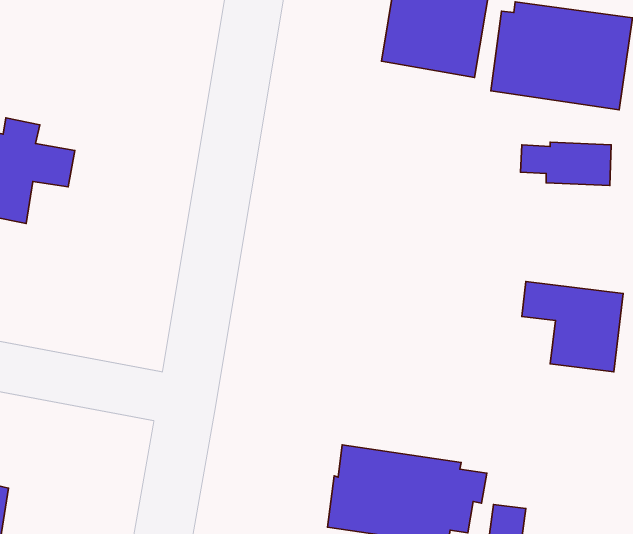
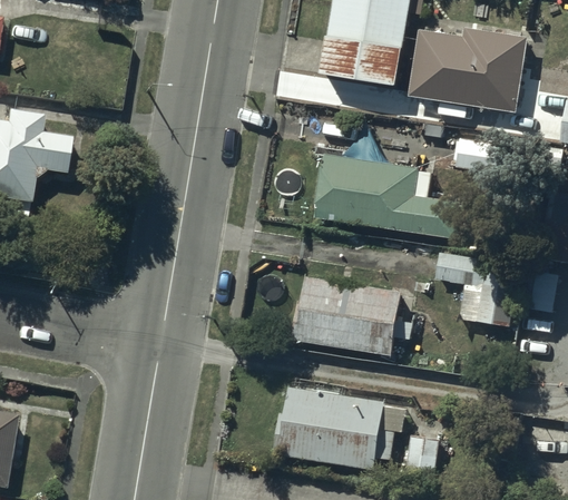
building: none -> [315,155,461,236]
building: none -> [292,276,420,366]

